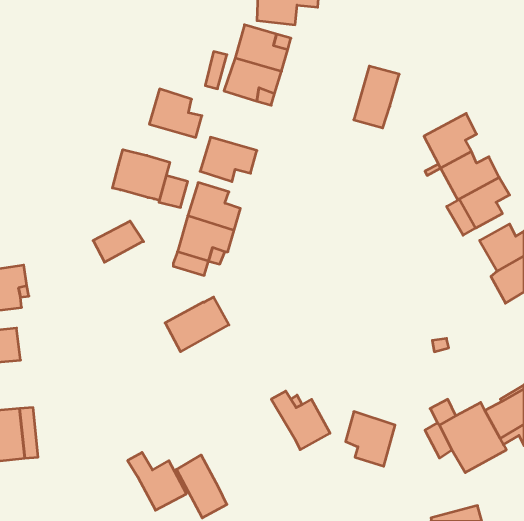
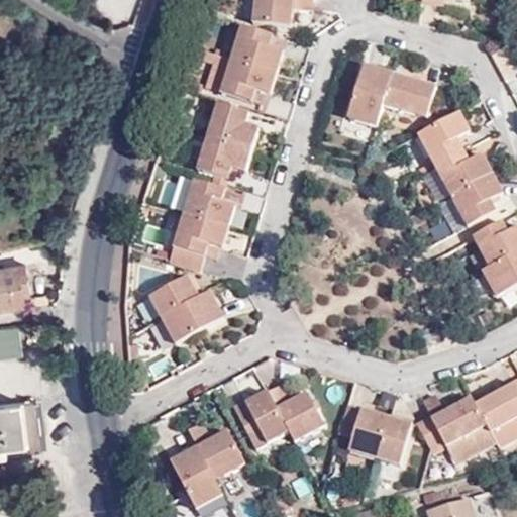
building: none -> [382,73,433,115]
building: [149,89,202,137] -> [206,100,257,147]
building: [112,150,170,201] -> none
building: [93,221,144,262] -> [150,276,200,316]
building: none -> [232,391,289,447]
building: none -> [376,416,410,463]
building: [128,452,186,510] -> [187,421,244,478]

